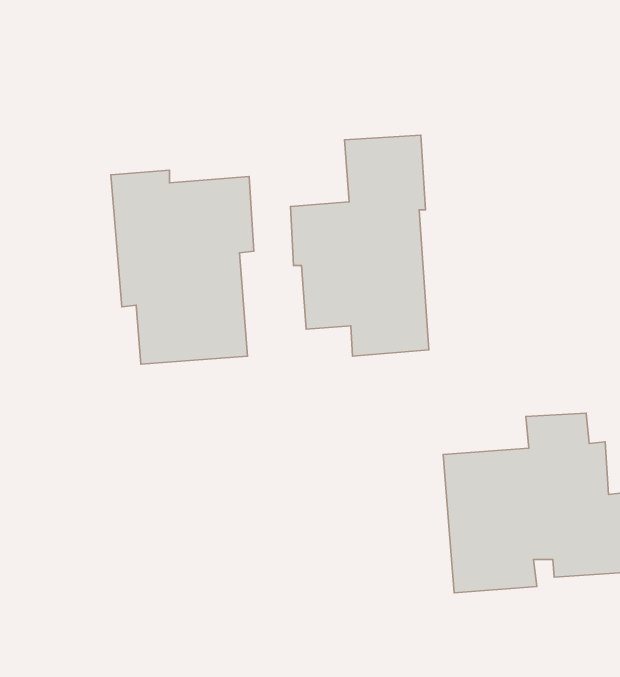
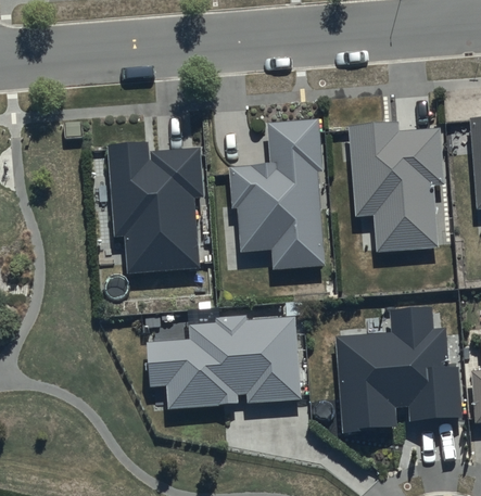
building: none -> [349,122,444,252]
building: none -> [147,314,301,407]

